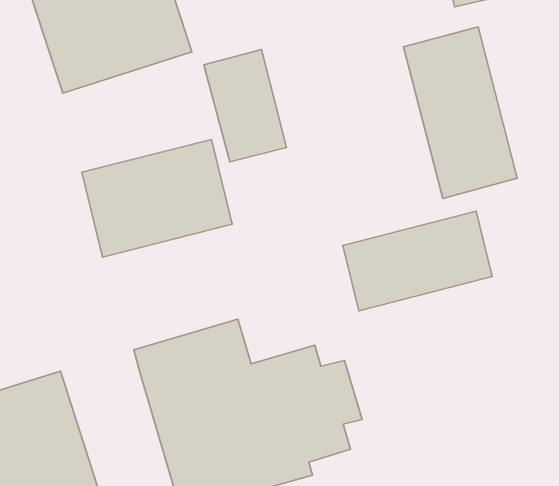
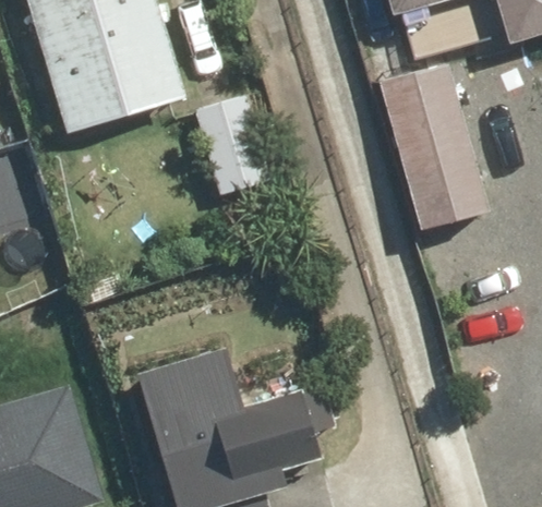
building: [82,139,232,257] -> none
building: [343,211,492,311] -> none

